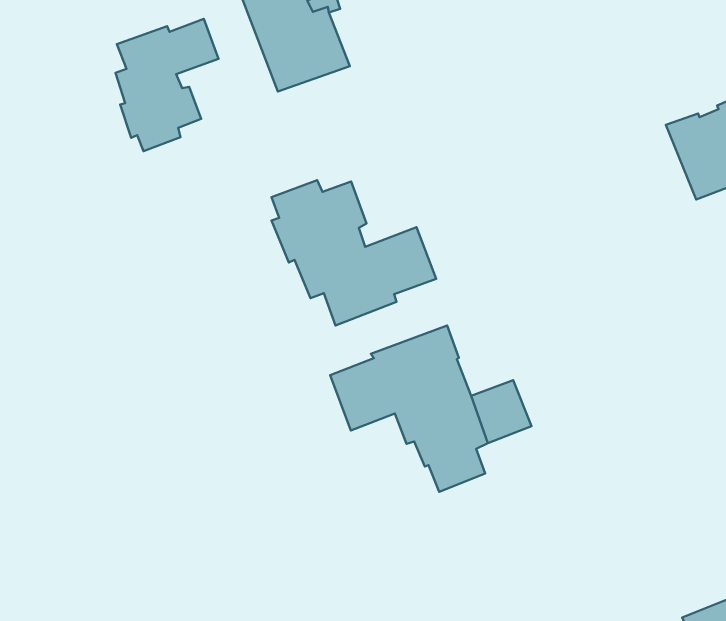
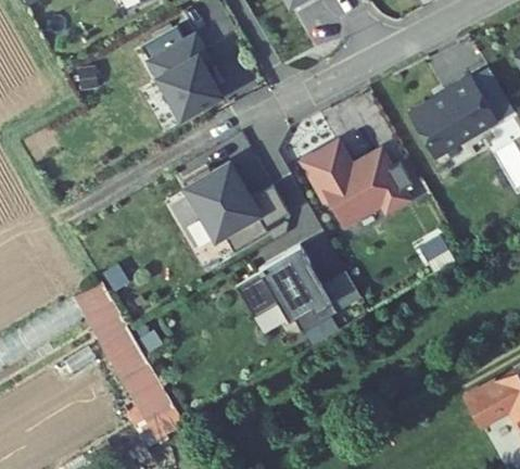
building: [115,19,218,151] -> none
building: none -> [302,145,411,227]
building: none -> [80,281,173,424]

